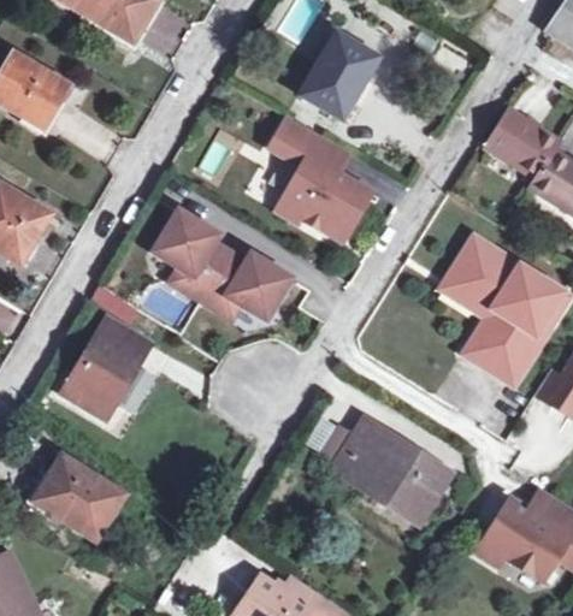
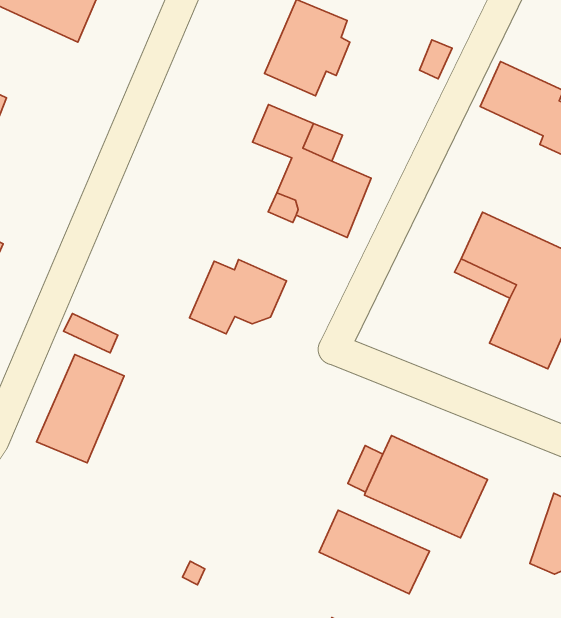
building: [164,211,232,300] -> none
building: [37,456,125,539] -> none
building: none -> [319,510,429,594]

